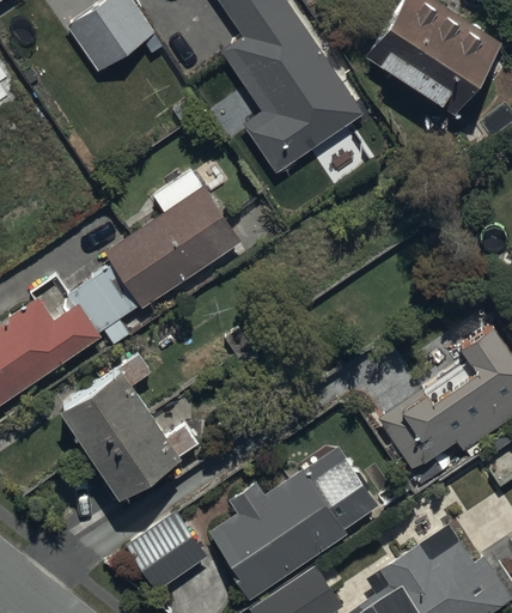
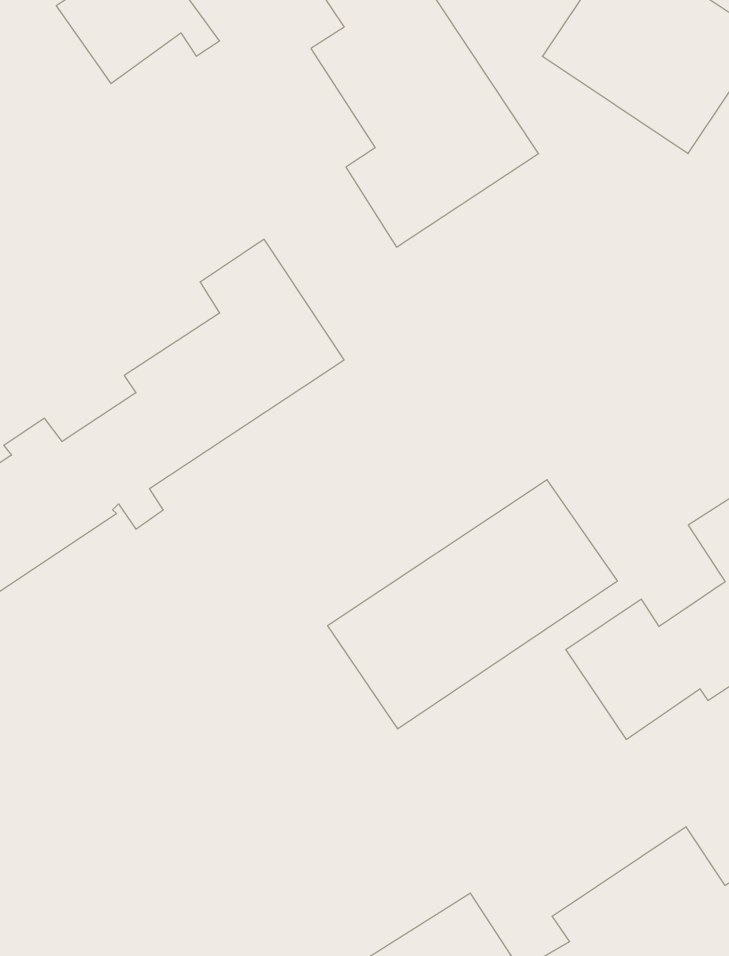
building: [56,365,182,499] -> none
building: [207,448,385,601] -> [328,480,617,729]
building: [124,514,209,596] -> none

